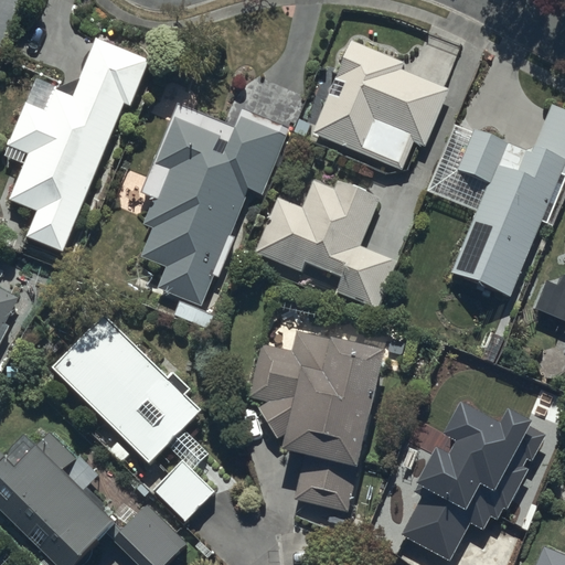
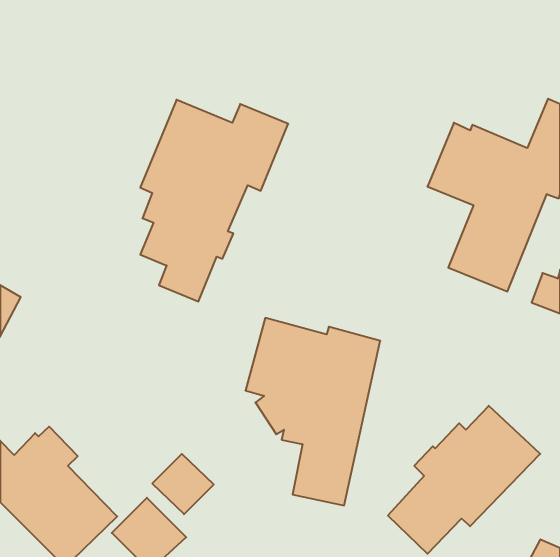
building: [7,40,148,250] -> none
building: [315,42,447,169] -> none
building: [256,179,395,309] -> none
building: [52,313,202,462] -> none

